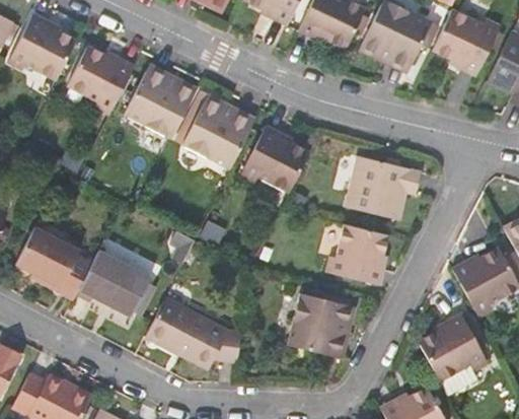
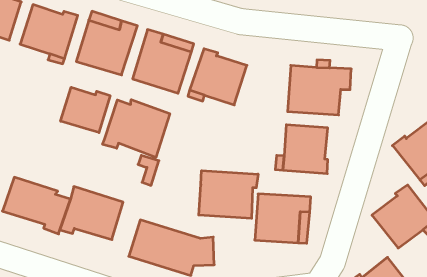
building: none -> [61,87,110,133]
building: none -> [103,100,170,157]
building: none -> [199,171,258,218]

